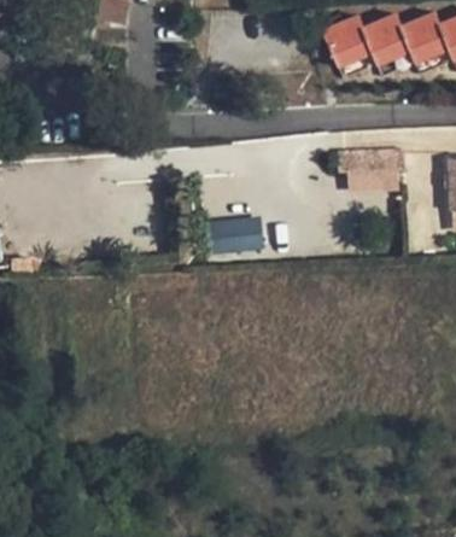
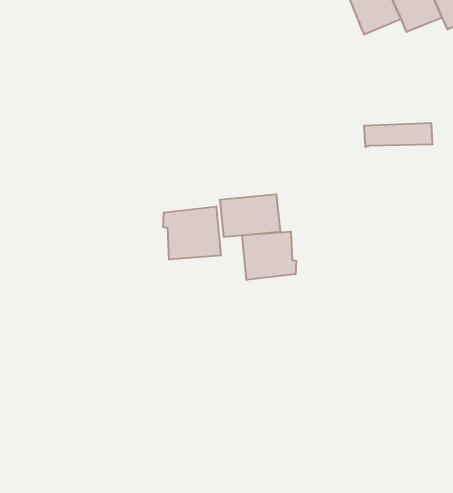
building: none -> [163,206,221,260]
building: none -> [242,231,296,280]

